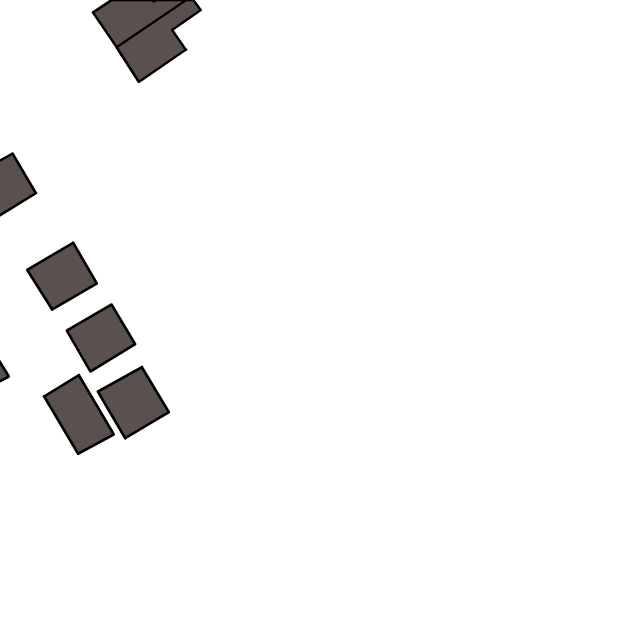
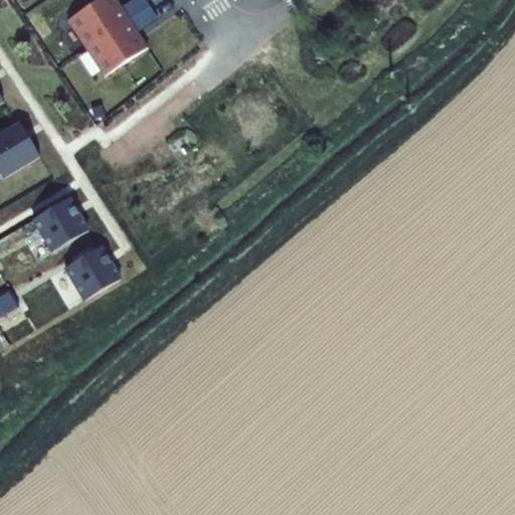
building: [98,367,169,438] -> none
building: [44,375,114,454] -> none

